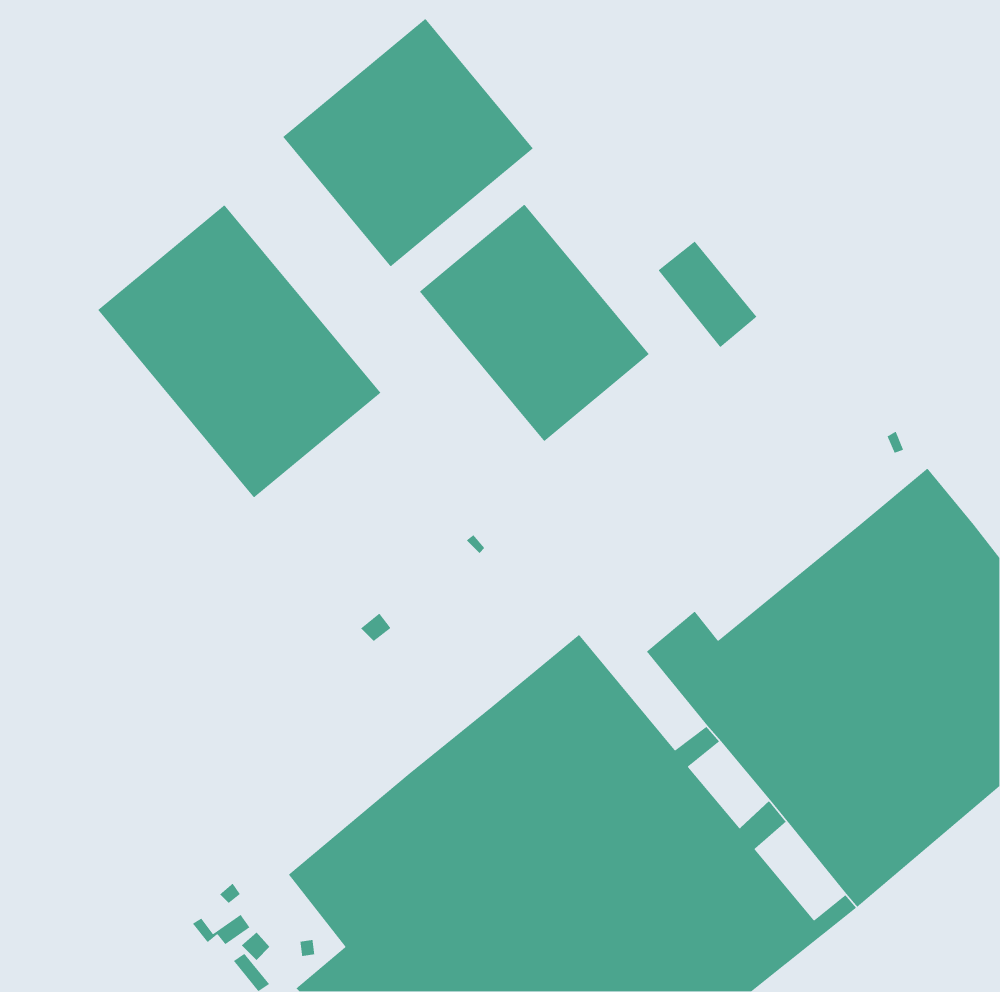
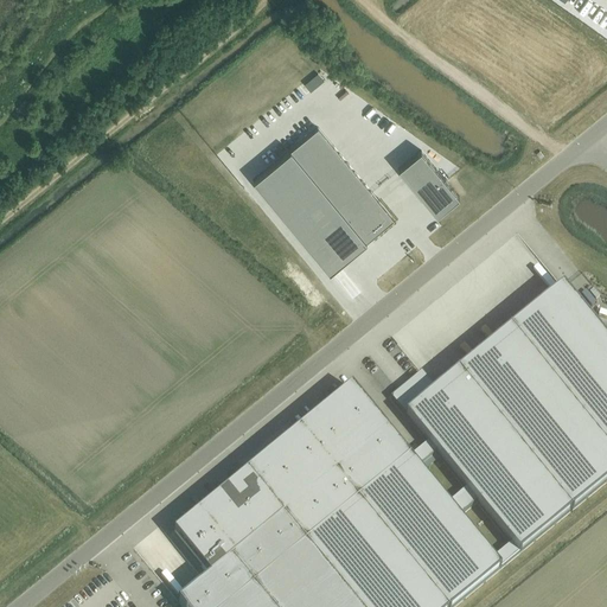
building: [282,18,534,267] -> none
building: [97,204,381,499] -> none

